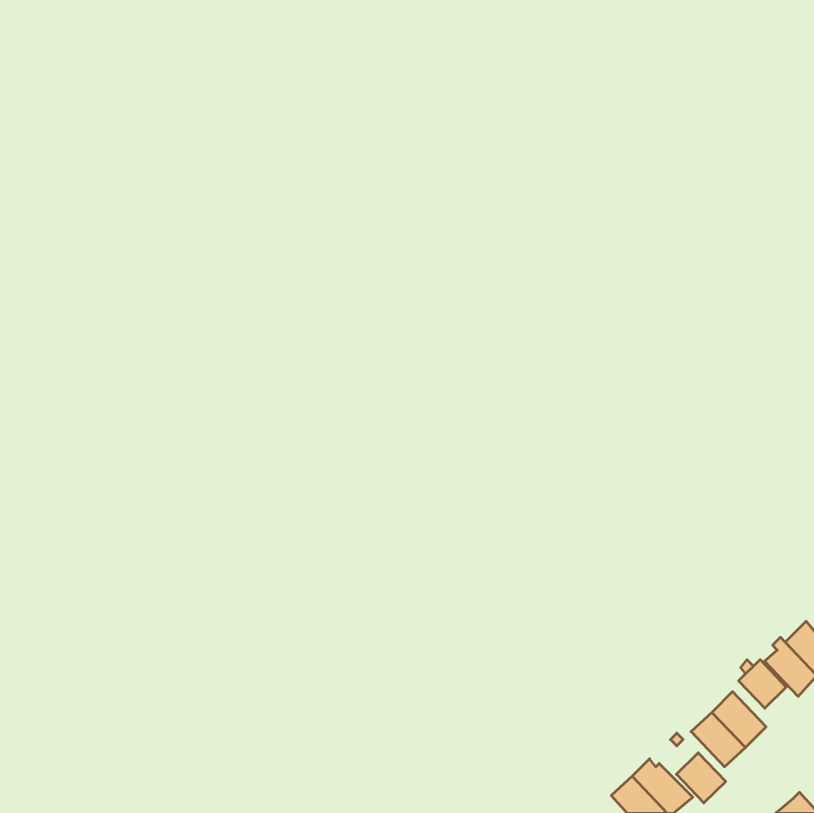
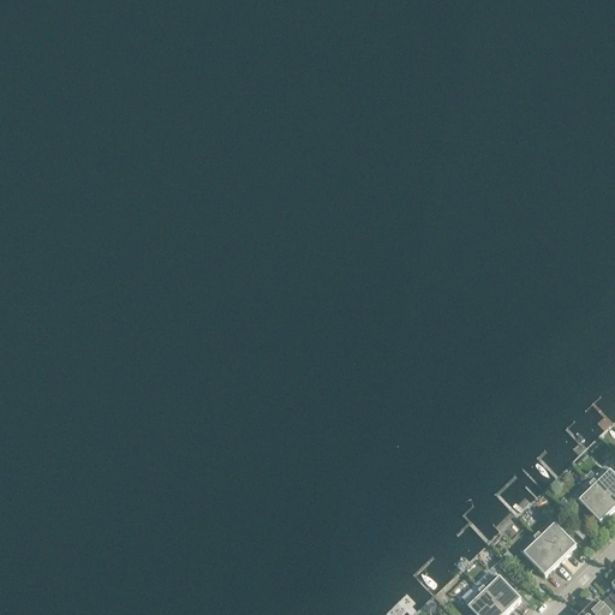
building: [739,660,786,708] -> none
building: [676,753,726,803] -> none

